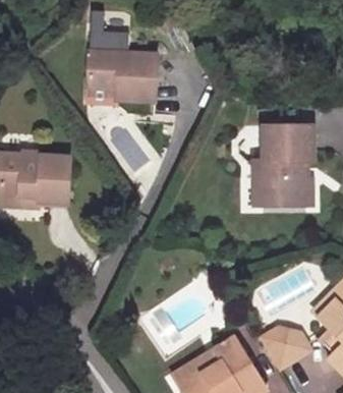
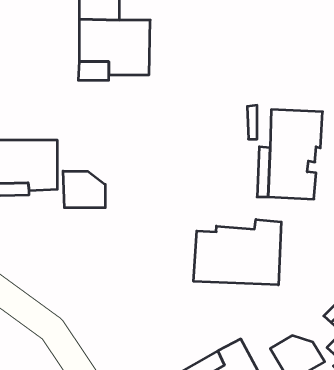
building: none -> [63,171,105,208]
building: none -> [194,219,281,285]

